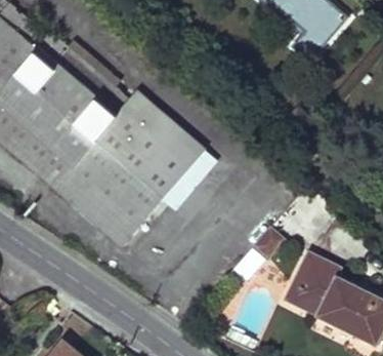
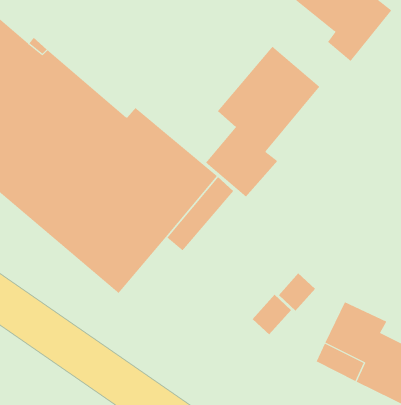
building: none -> [205,46,320,197]

